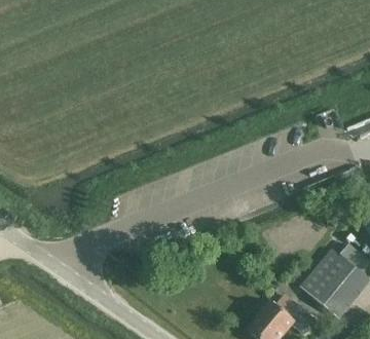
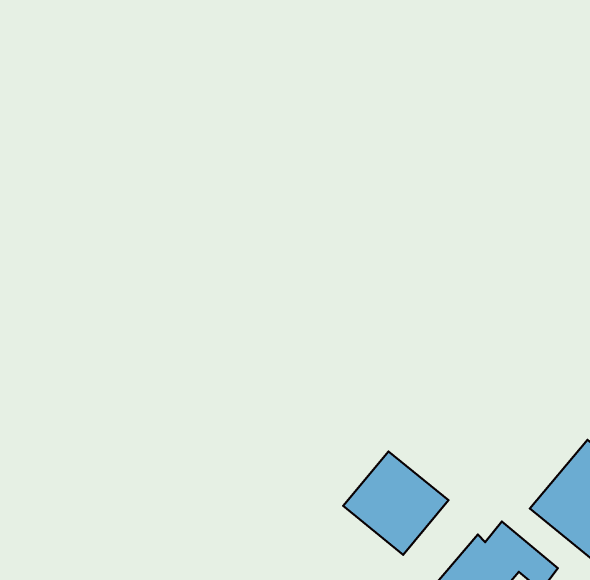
building: none -> [343,451,449,555]

